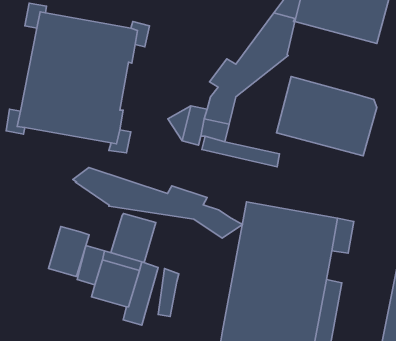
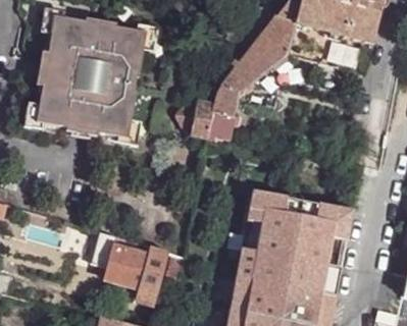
building: [277,76,377,156] -> none
building: [73,167,242,238] -> none
building: [111,213,156,262] -> none
building: [48,227,89,276] -> none

